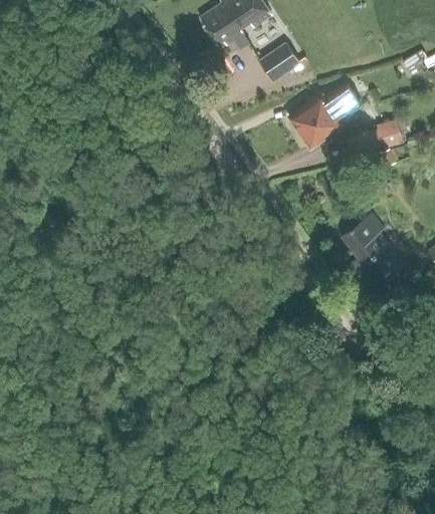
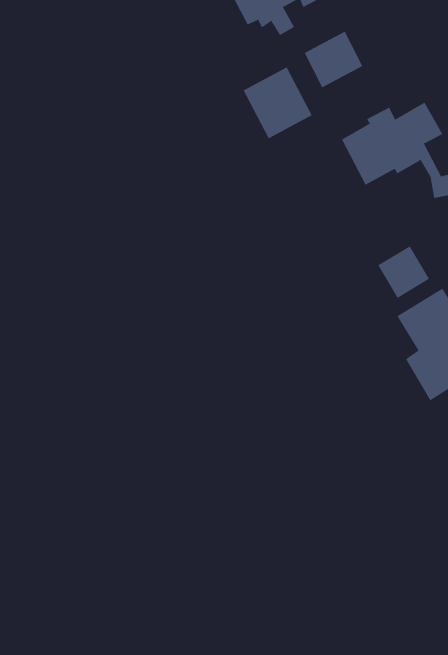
building: none -> [243,67,313,139]
building: none -> [378,245,430,299]

